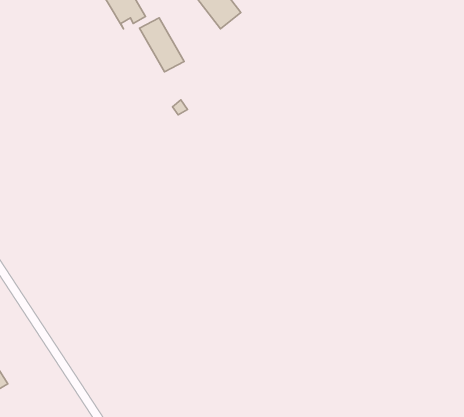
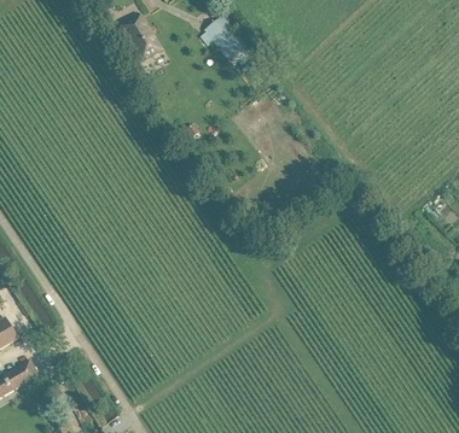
building: [139,18,184,72] -> none

